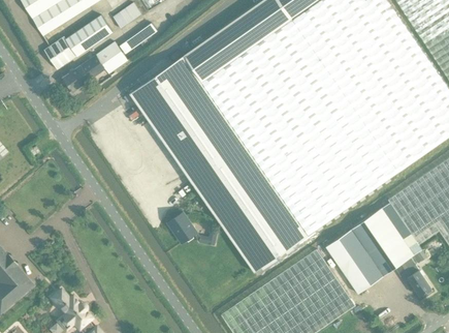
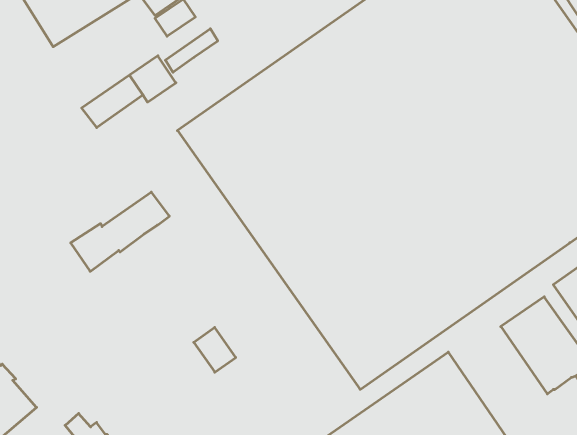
building: [44,14,113,69] -> [71,192,169,271]
building: [168,212,197,243] -> [194,327,236,372]
building: [326,229,384,293] -> none

